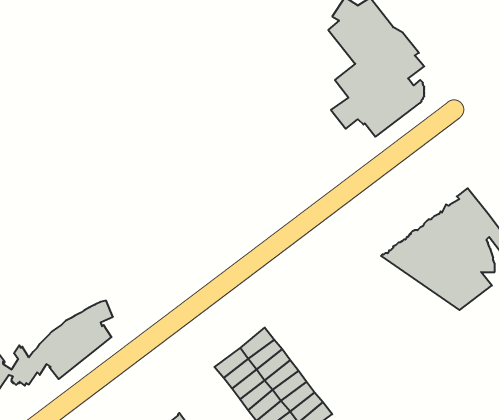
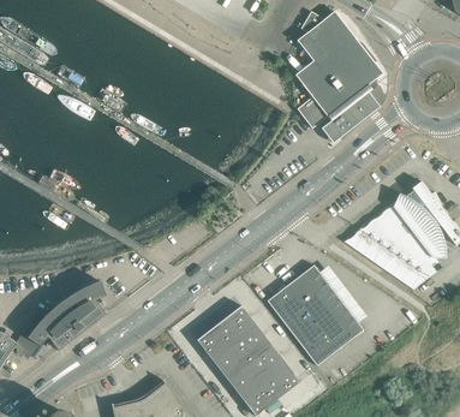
building: none -> [267,264,363,365]

